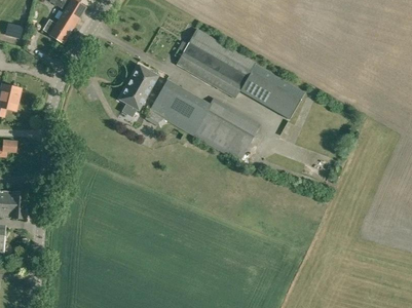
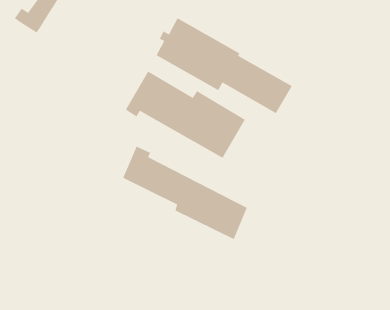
building: [118,64,157,110] -> none
building: none -> [122,145,248,240]

